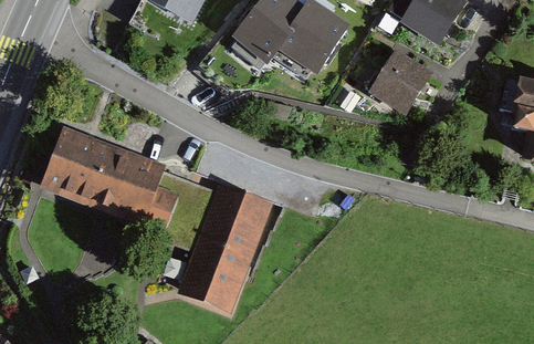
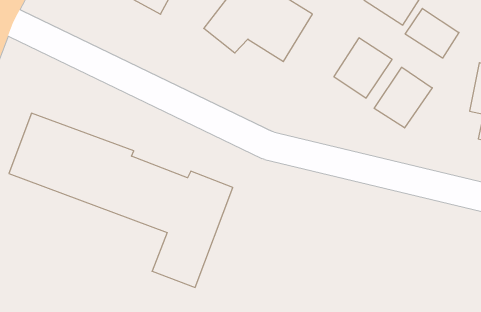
building: none -> [405,8,459,58]
building: none -> [374,67,432,128]

